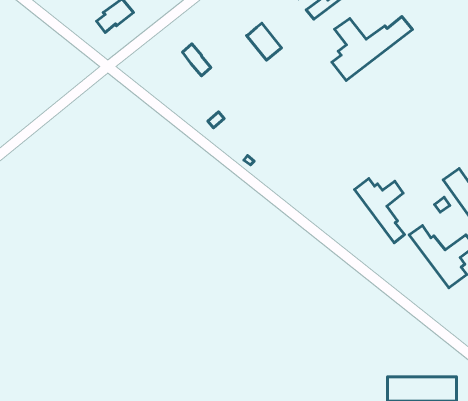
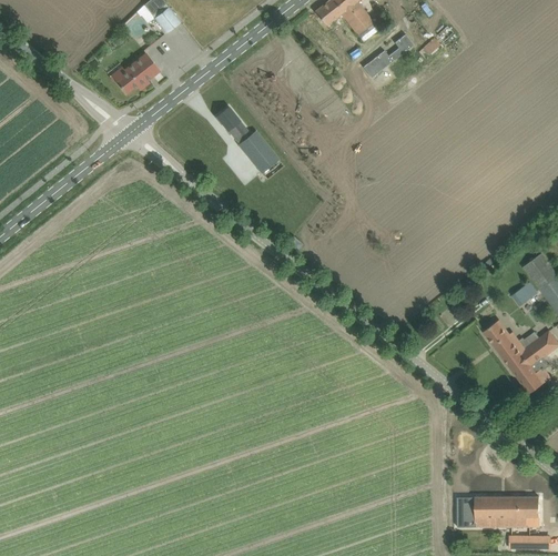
building: [332,16,412,81] -> none
building: [247,23,282,60] -> [237,130,278,173]
building: [355,179,405,243] -> none

